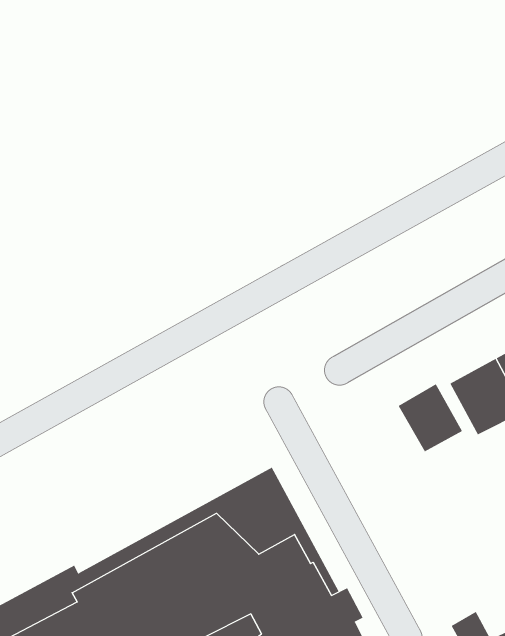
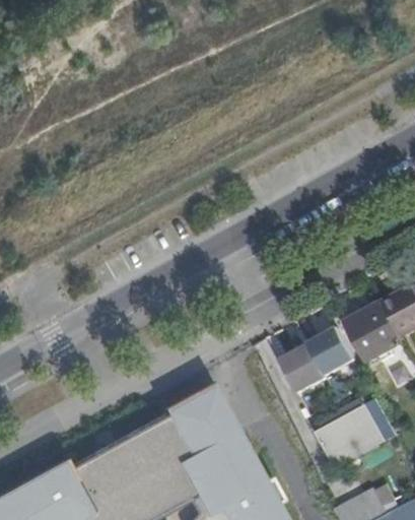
building: none -> [279,341,328,392]
building: none -> [319,411,384,469]

